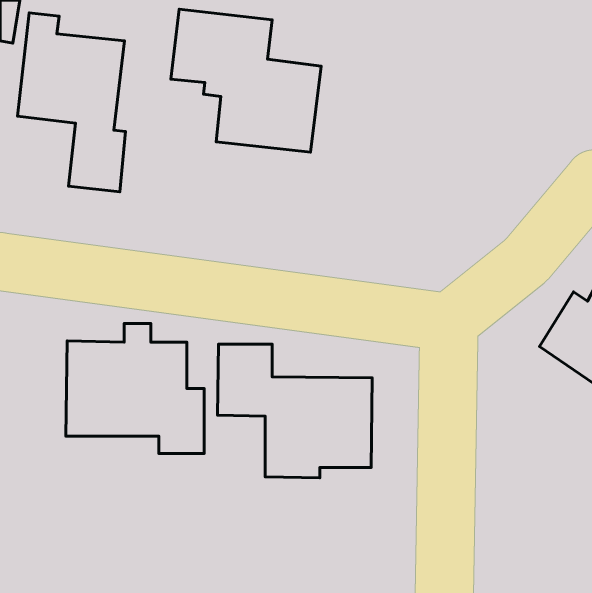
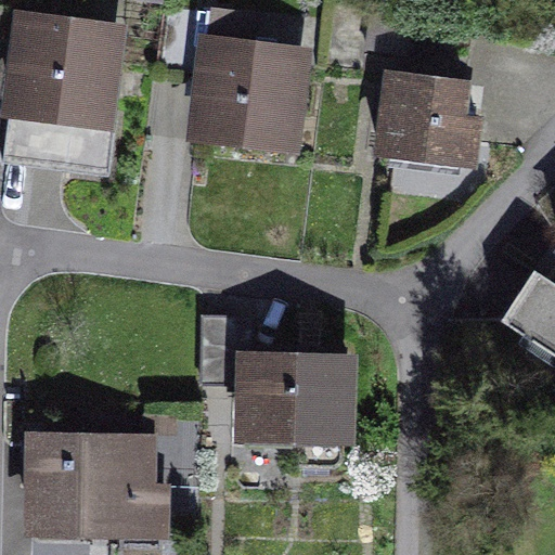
building: none -> [385,79,481,167]
building: [66,323,204,454] -> [38,427,167,548]

